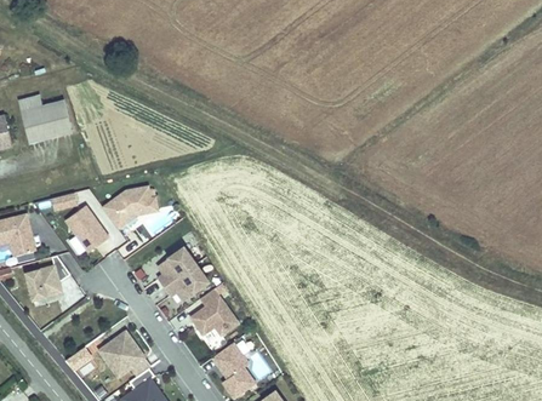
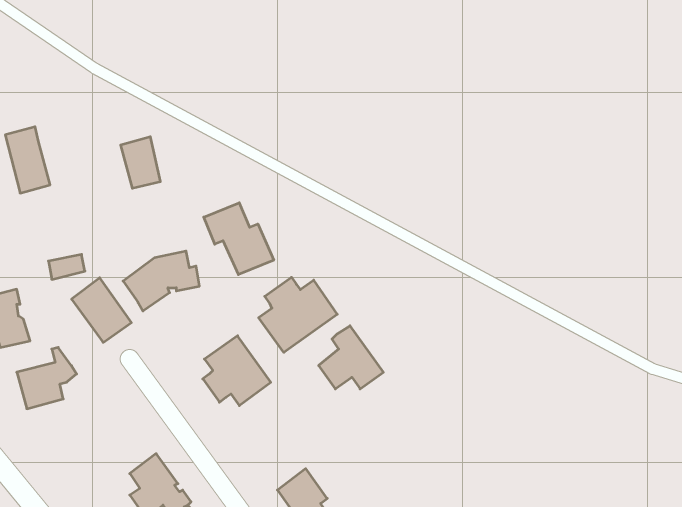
building: [40,99,69,137] -> [121,137,160,188]
building: none -> [204,203,274,275]
building: none -> [259,277,337,352]
building: [193,290,240,336] -> [319,326,383,389]

